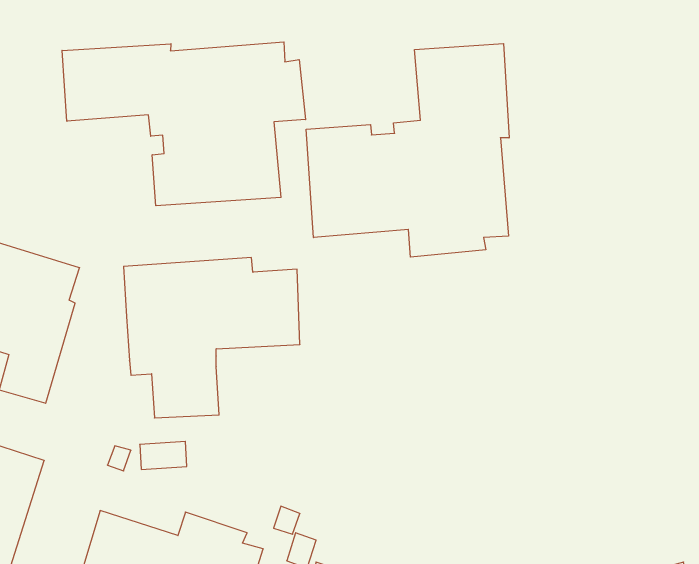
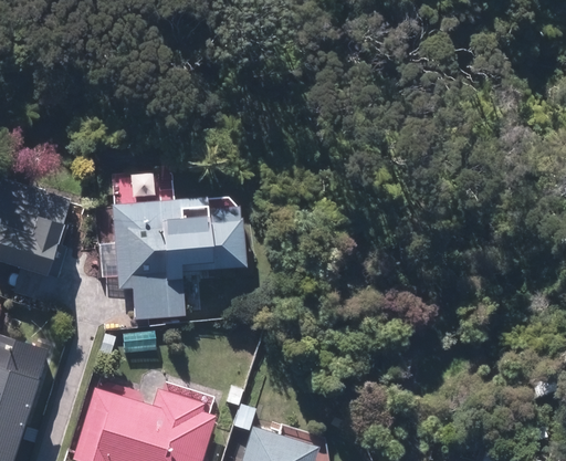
building: [62,42,306,206] -> none
building: [306,44,509,257] -> none

